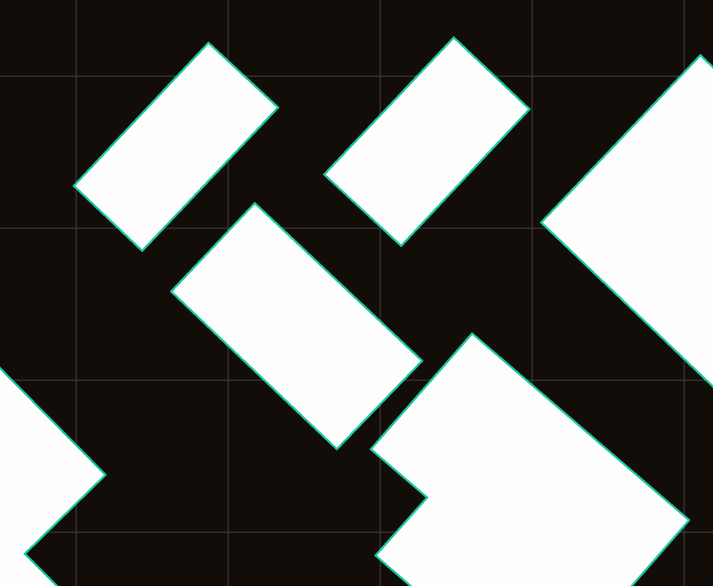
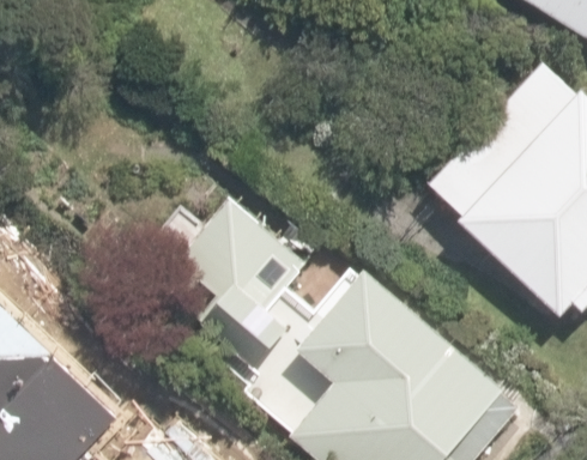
building: [324,38,530,246] -> none
building: [74,43,278,251] -> none

